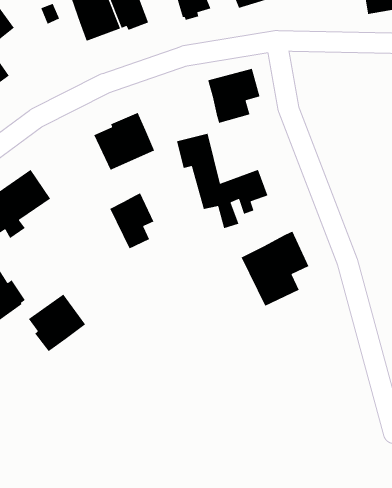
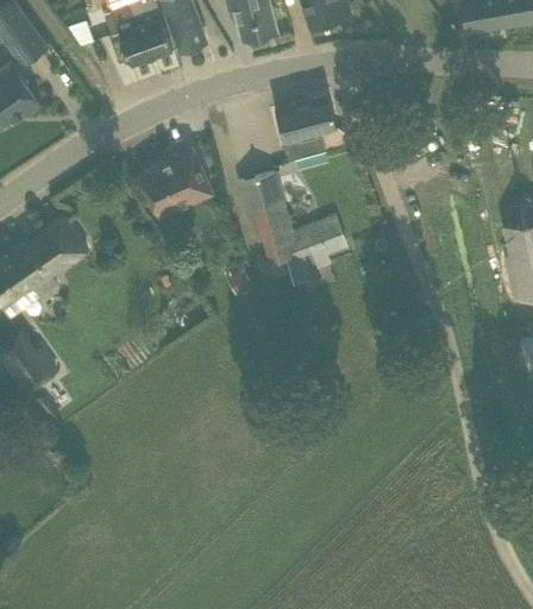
building: [109,192,154,250] -> none
building: [241,231,310,307] -> none
building: [28,294,86,352] -> none

